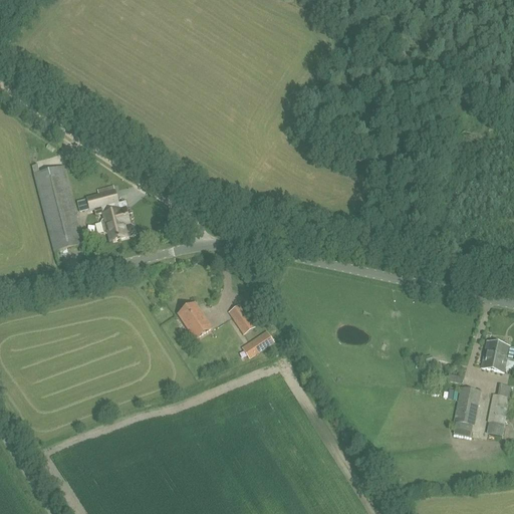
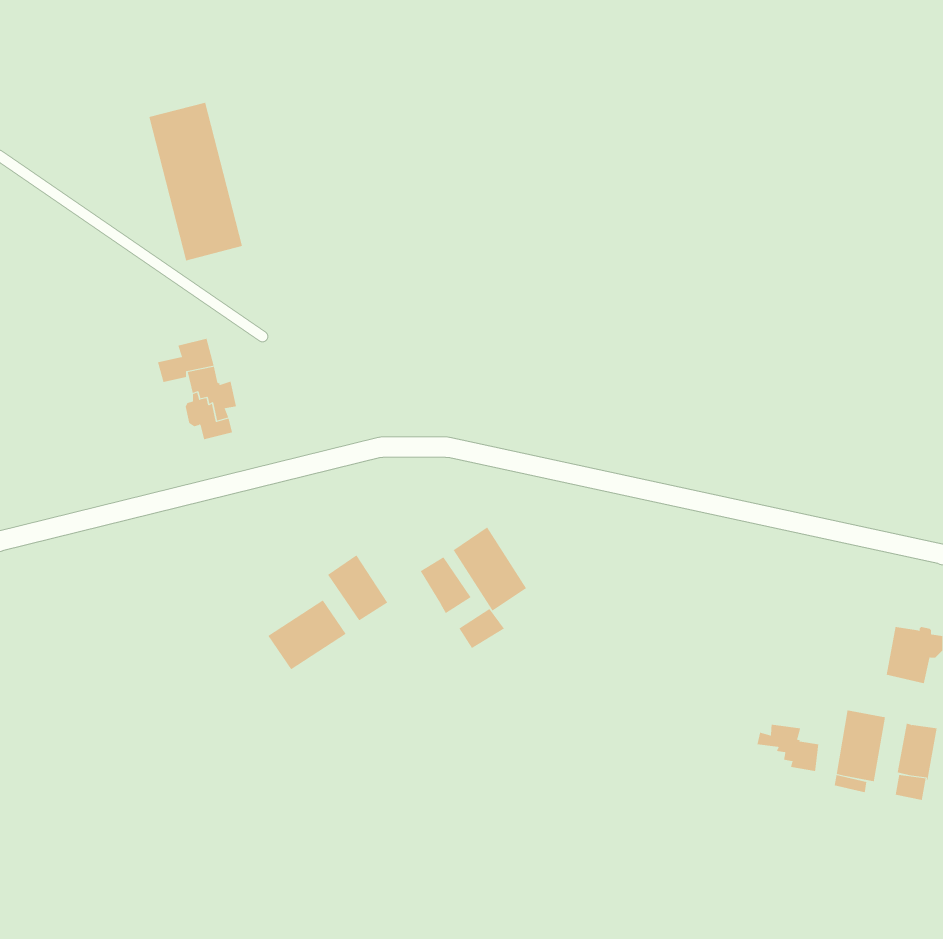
building: [32,164,83,250] -> [149,102,243,261]
building: none -> [453,527,527,612]
building: none -> [268,599,346,670]
building: none -> [757,724,819,772]

